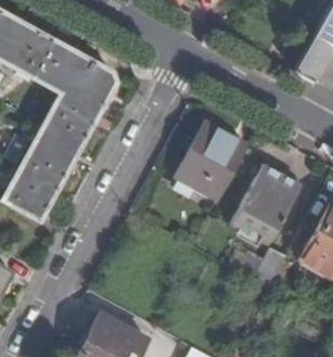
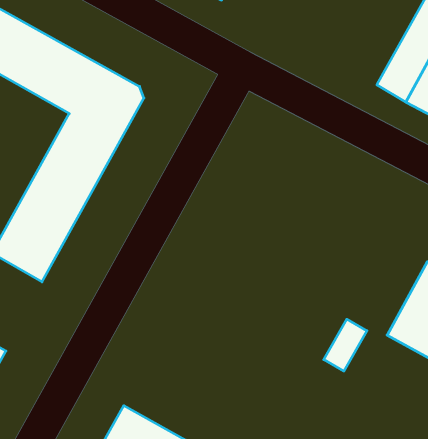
building: [175,122,247,200] -> none
building: [229,163,300,244] -> none

